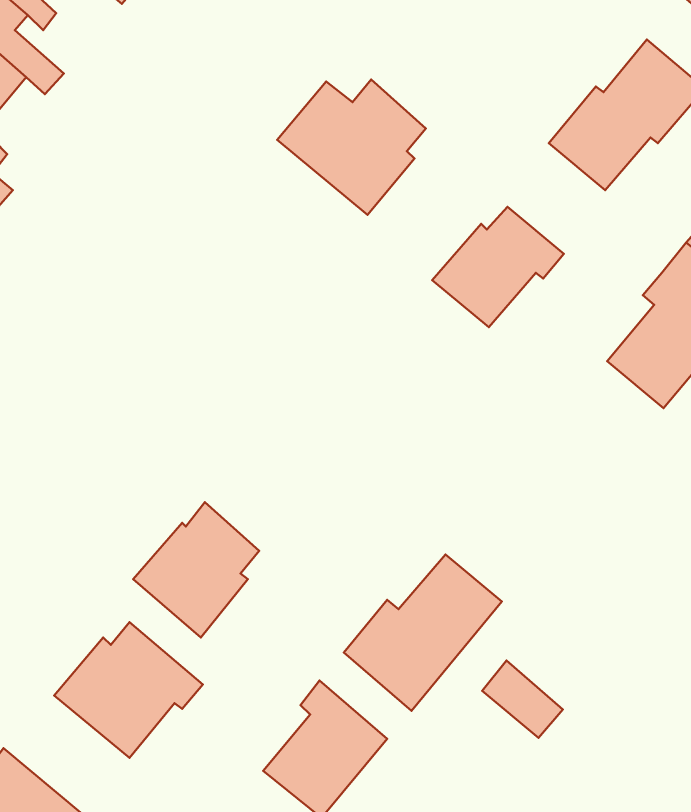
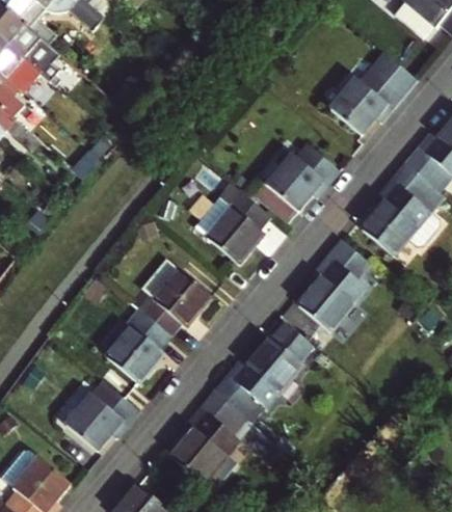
building: [277,80,426,215] -> [186,188,268,263]
building: none -> [297,240,371,333]
building: none -> [139,262,211,334]
building: [482,661,563,738] -> [272,320,317,362]

